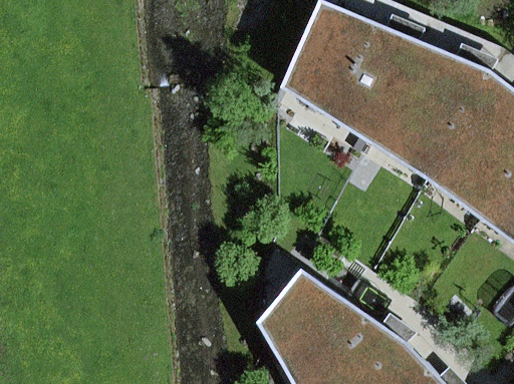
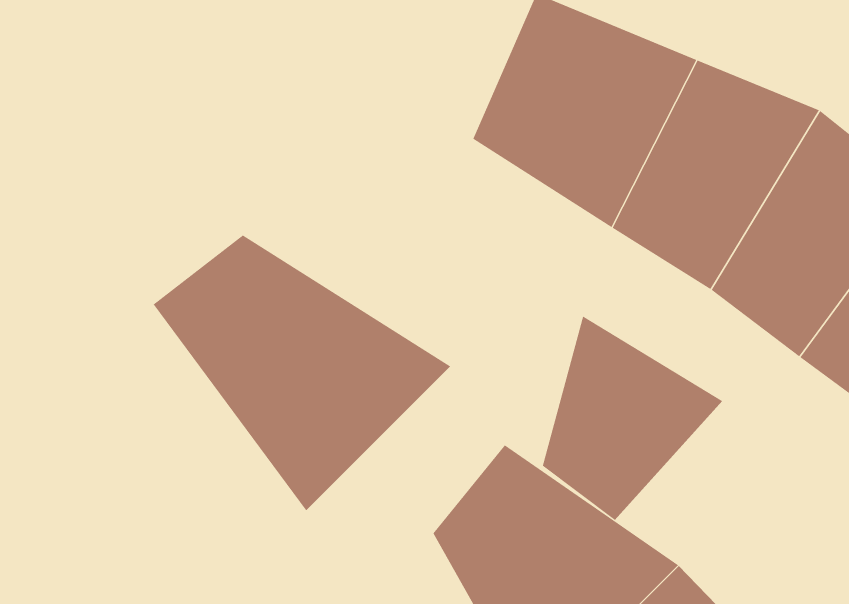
building: none -> [153,235,451,511]
building: none -> [542,315,723,521]

